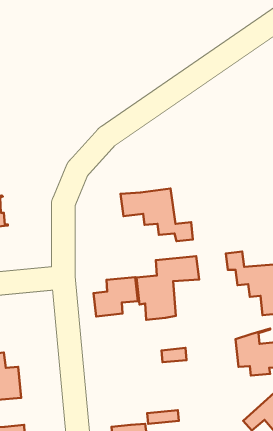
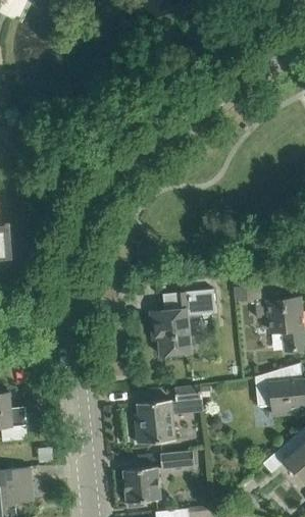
building: [121,189,193,241] -> none
building: [94,277,138,317] -> none
building: none -> [135,400,176,445]

